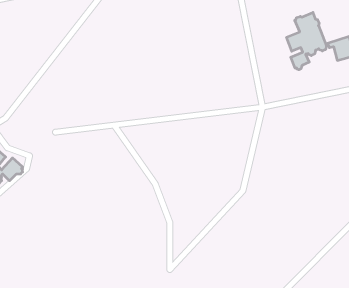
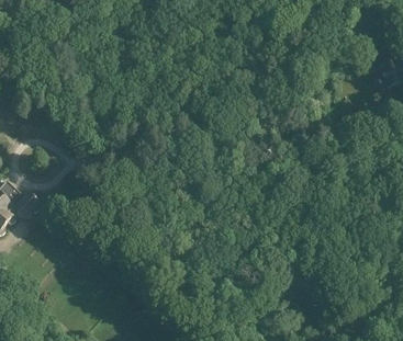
building: [287,12,326,70] -> none

